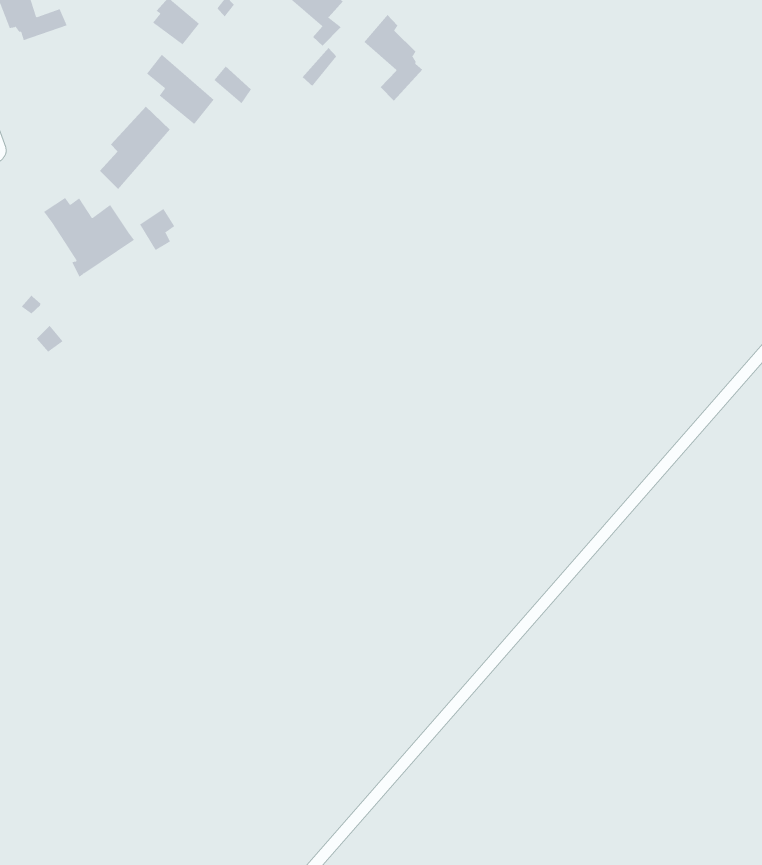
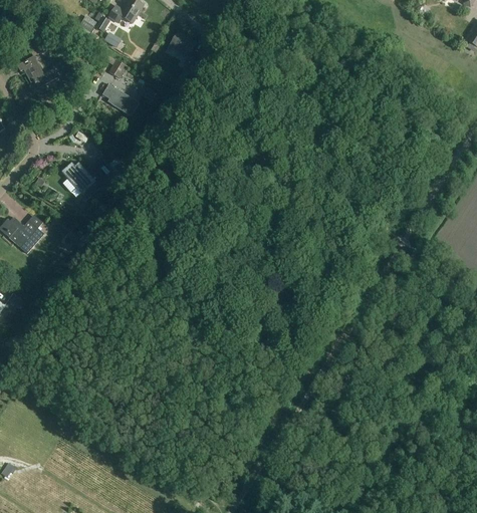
building: [363,14,423,101] -> none
building: [99,106,171,190] -> none

